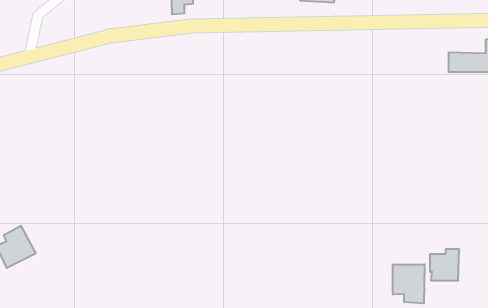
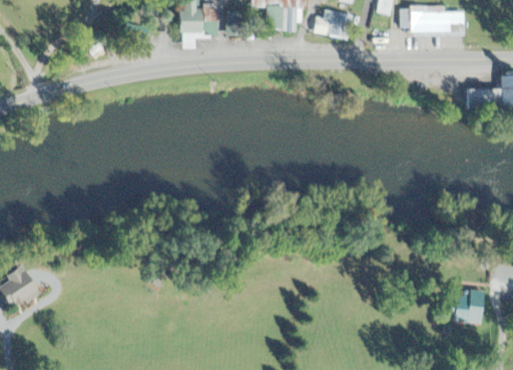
building: [393,264,425,303] -> none

